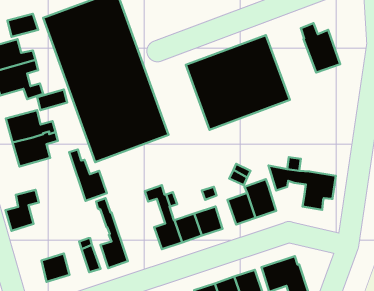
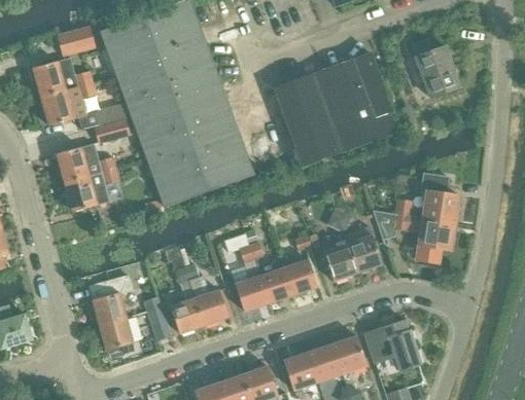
building: none -> [421,174,458,222]
building: [69,150,107,201] -> [183,263,229,325]
building: [5,190,39,231] -> [92,275,132,324]

